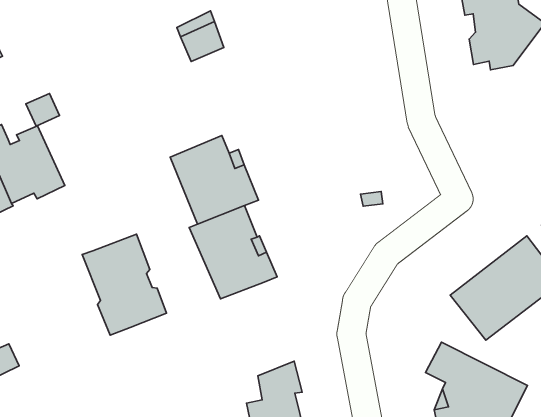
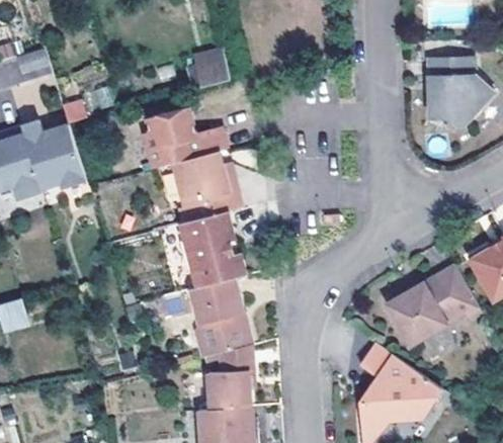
building: none -> [142,109,226,169]
building: [82,234,167,335] -> [189,276,252,356]

